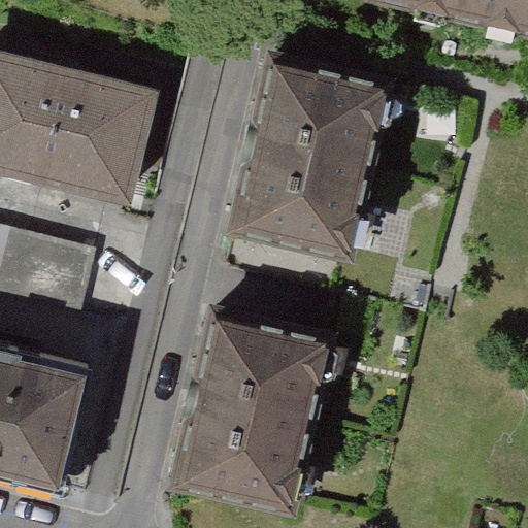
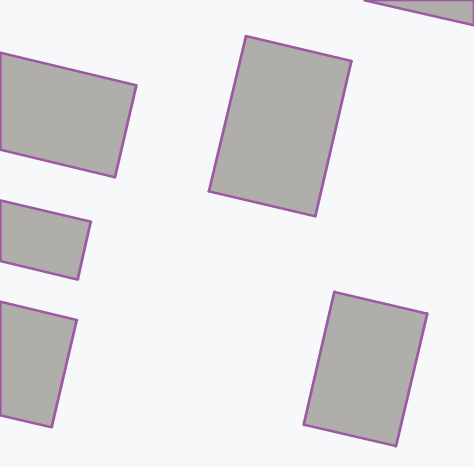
building: [172,307,331,506] -> none
building: none -> [304,292,427,446]

